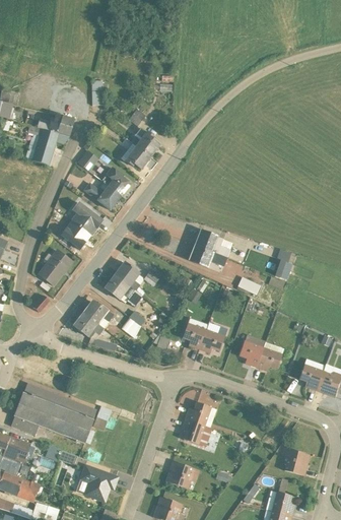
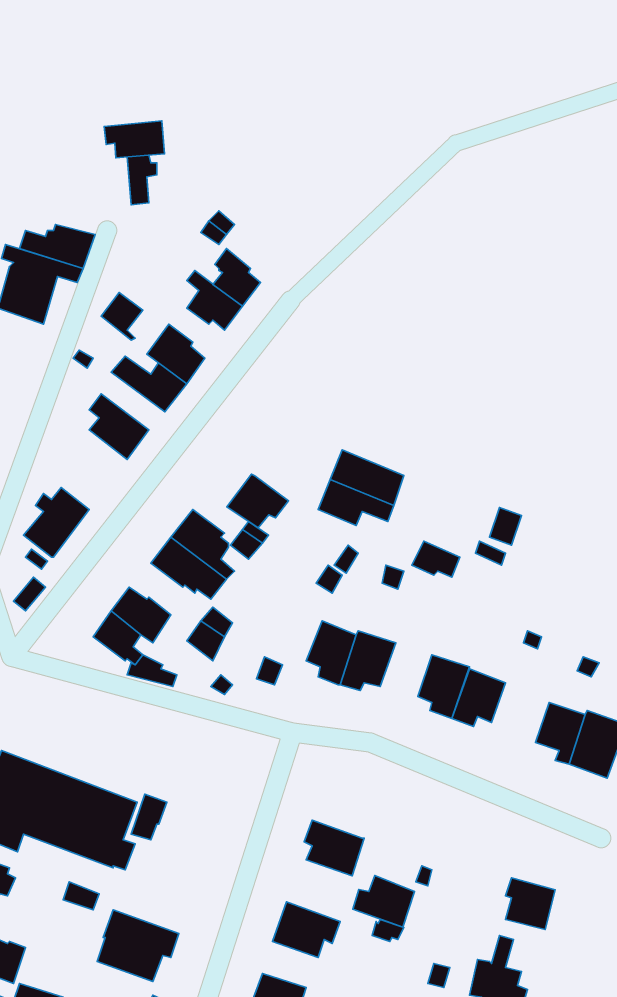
building: none -> [104,121,164,158]
building: [60,219,90,254] -> none
building: none -> [227,474,288,528]
building: [185,401,216,428] -> [353,875,415,927]

